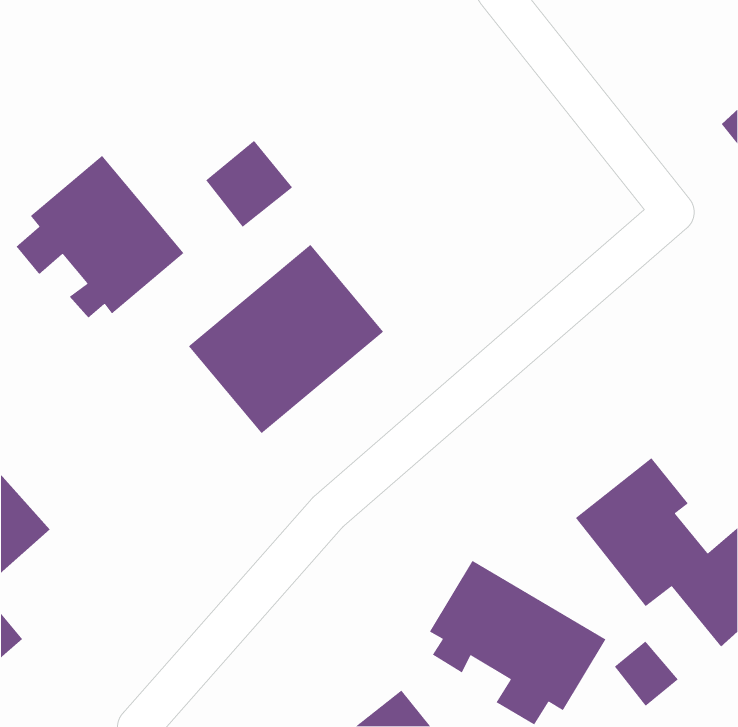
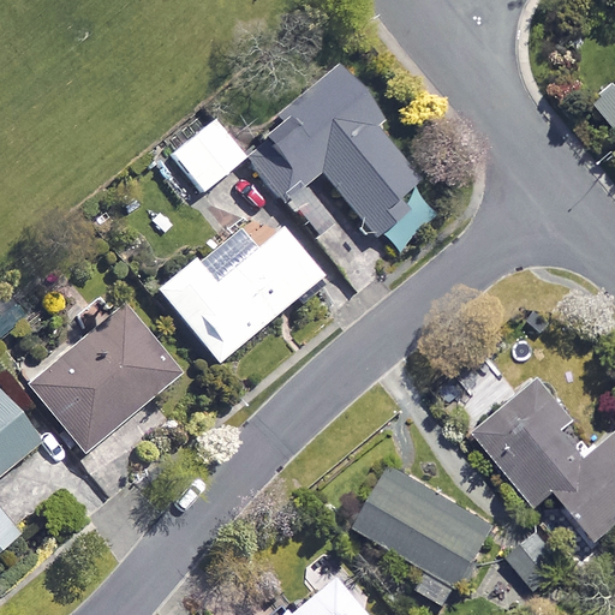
building: none -> [241,66,419,235]
building: [15,155,184,319] -> none
building: none -> [30,309,174,447]

